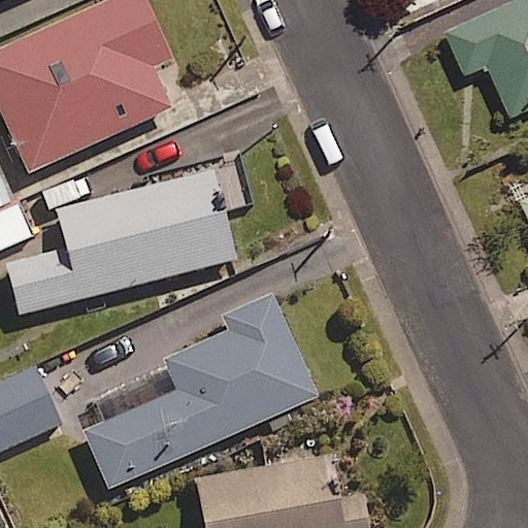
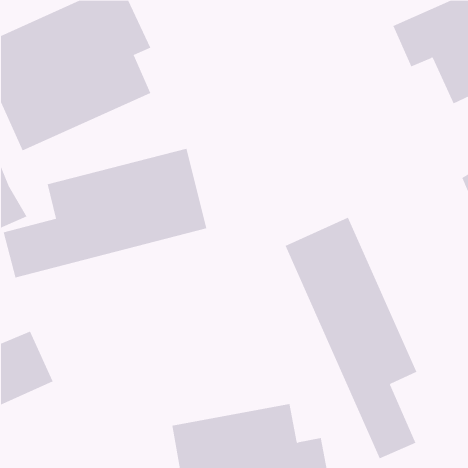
building: none -> [285,217,417,459]
building: [84,292,317,487] -> none

